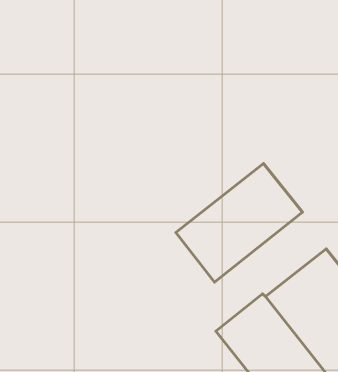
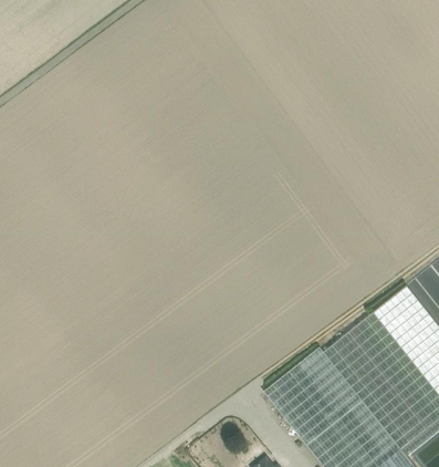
building: [176,164,303,282] -> none

